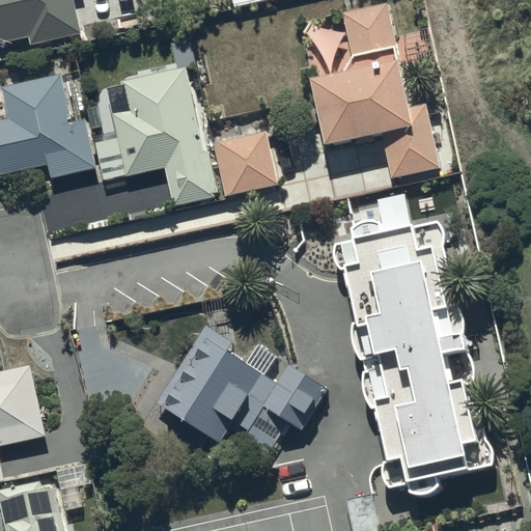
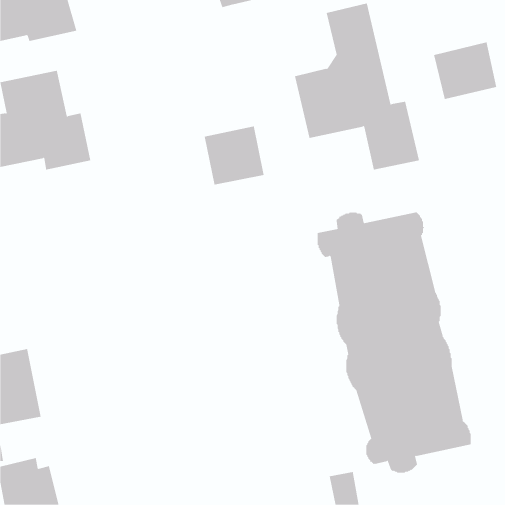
building: [111,38,214,204] -> none
building: none -> [433,42,497,100]
building: [157,325,331,456] -> none

